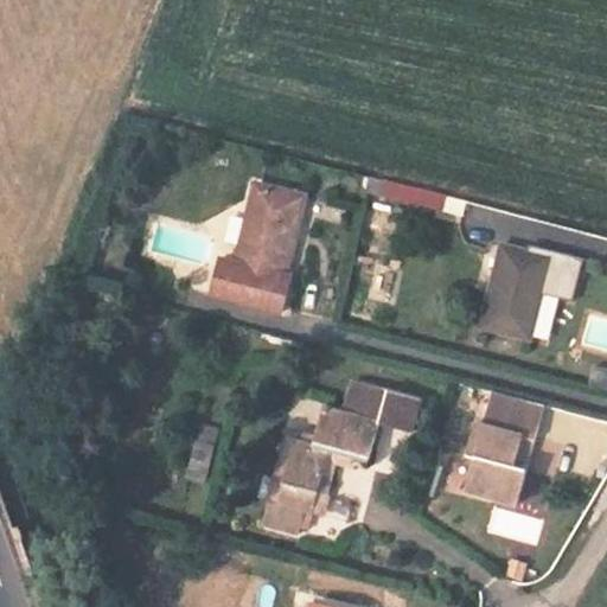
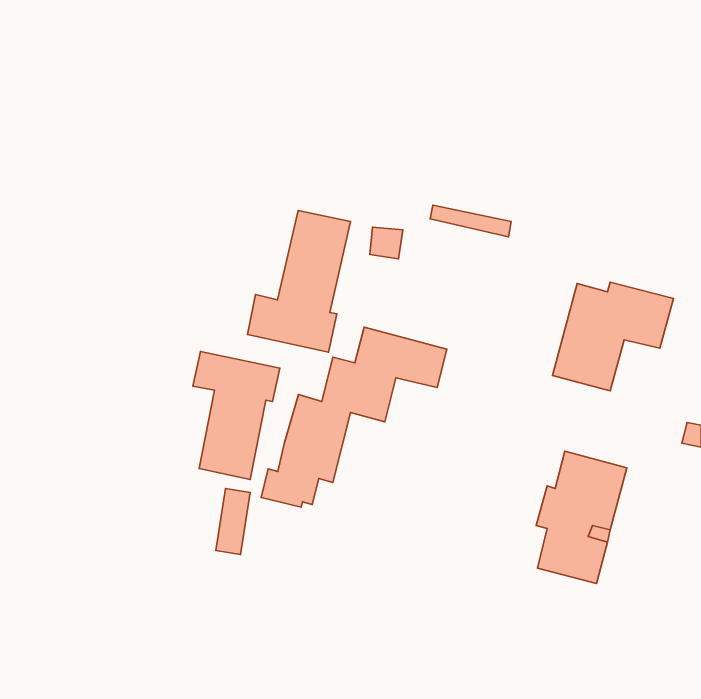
building: none -> [193,351,280,480]
building: [261,381,421,536] -> [261,327,447,507]

